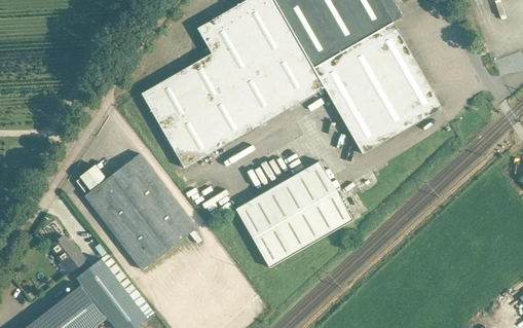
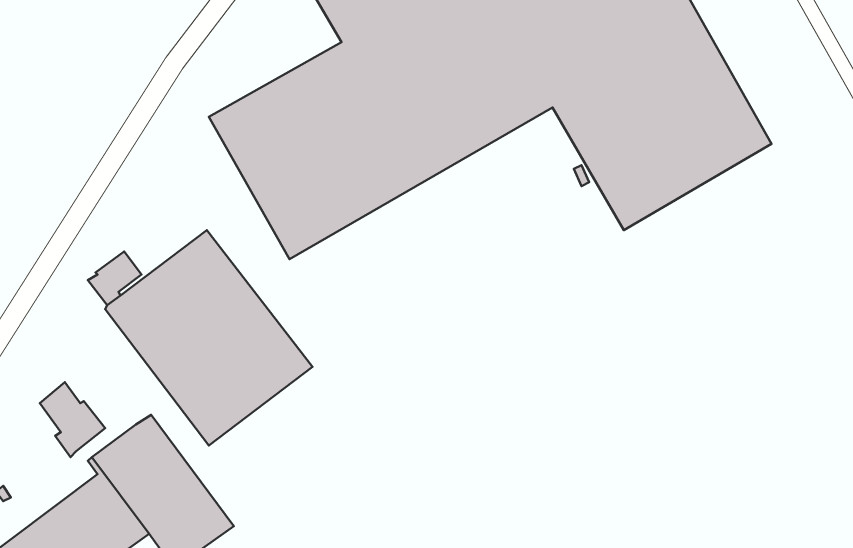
building: [236,160,353,267] -> none

